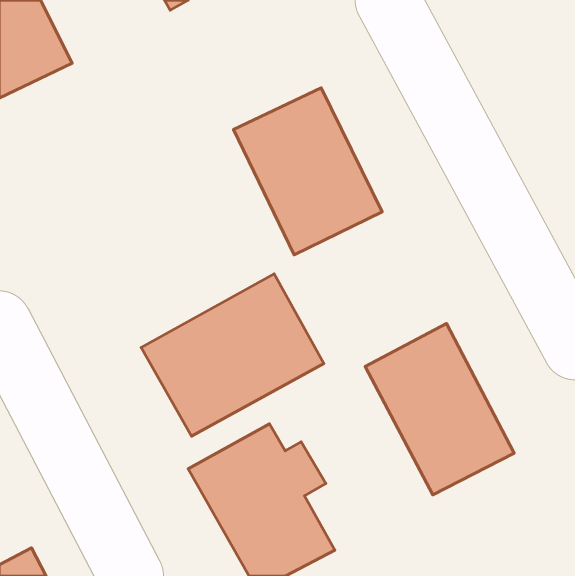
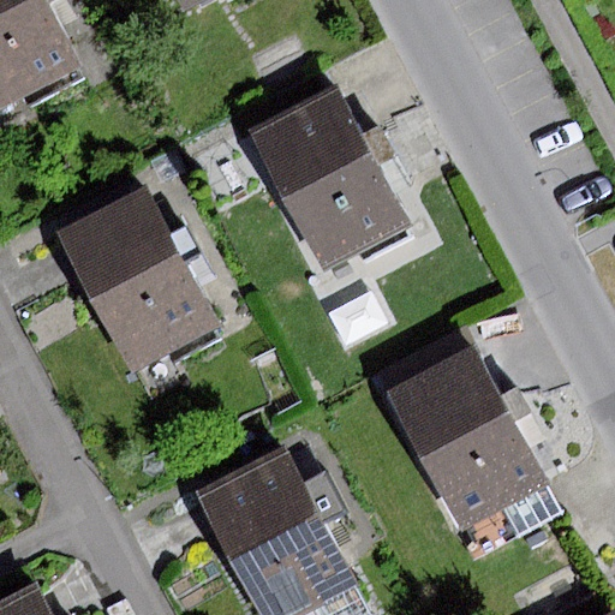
building: none -> [58,191,217,374]
building: [141,274,324,436] -> none

